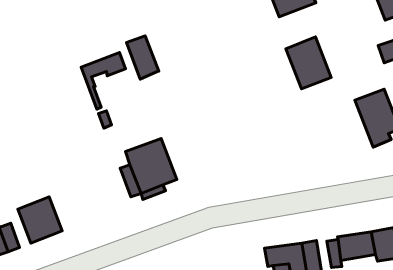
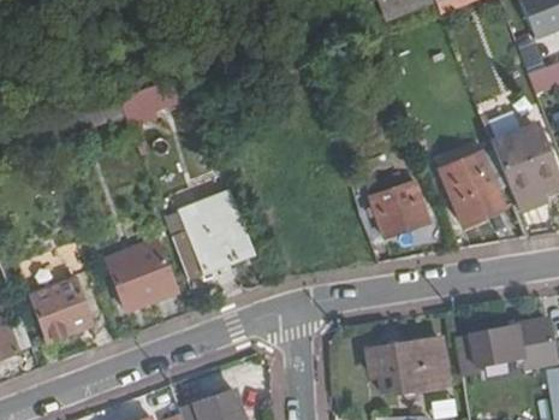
building: [126,36,159,79] -> none
building: [286,37,331,89] -> [441,150,504,223]
building: none -> [370,179,430,236]
building: none -> [106,243,174,313]

